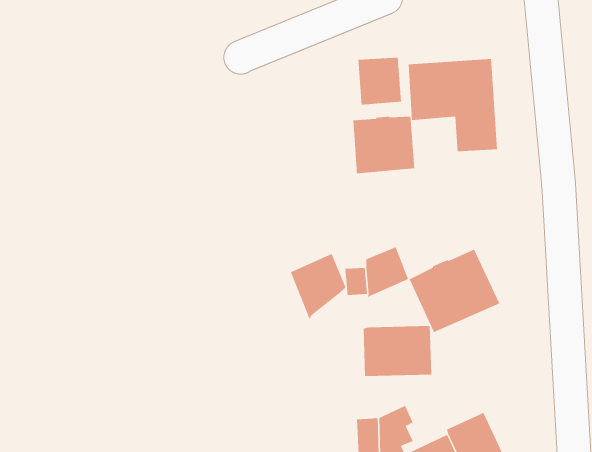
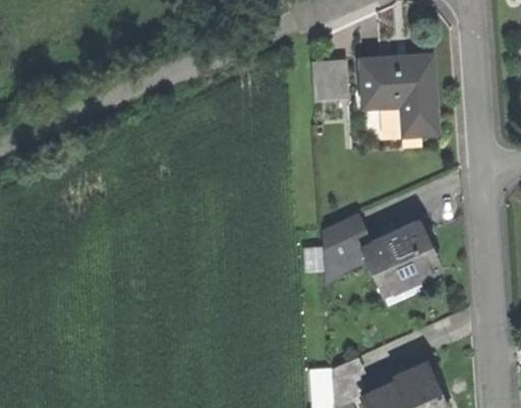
building: [353,116,415,174] -> none
building: [290,253,346,320] -> none
building: [363,325,432,377] -> none

